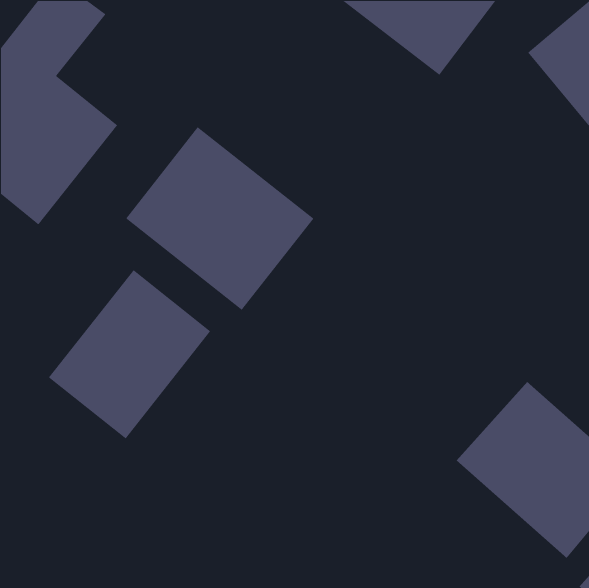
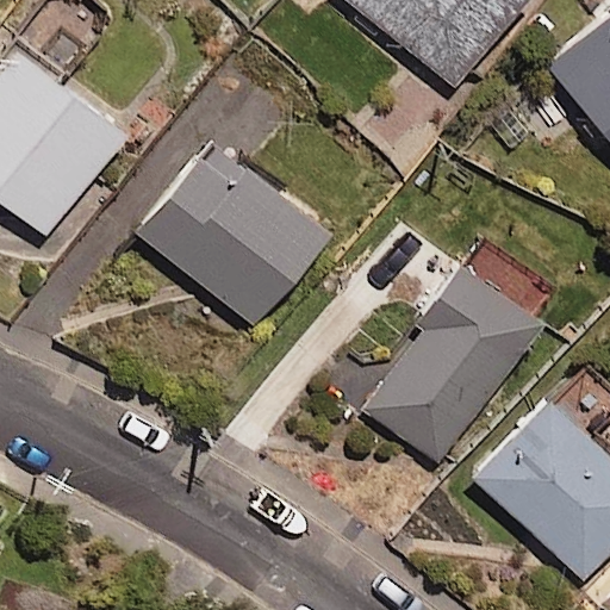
building: none -> [363,256,542,465]
building: [48,269,211,439] -> none

